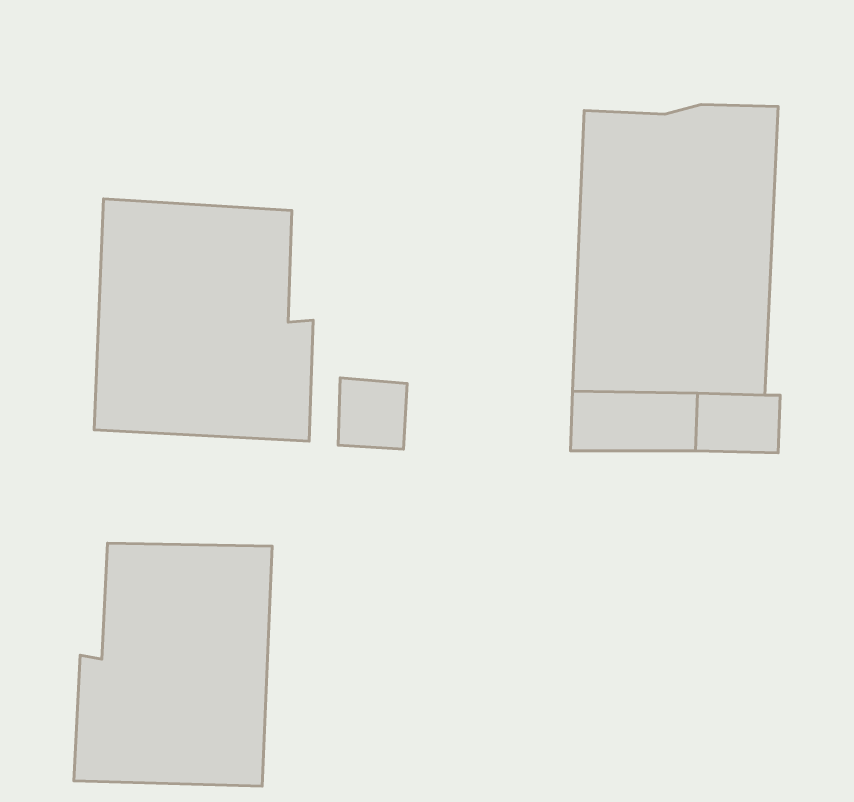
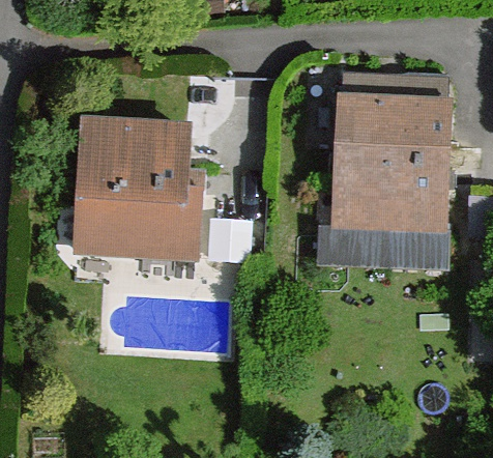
building: [74,543,272,786] -> none

